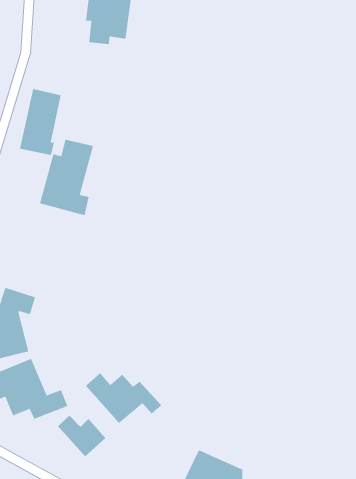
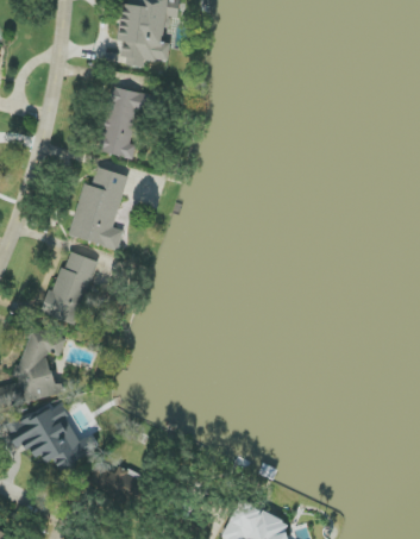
building: [19,89,61,155] -> [96,87,142,158]
building: none -> [43,250,96,325]
building: [85,373,162,424] -> none

